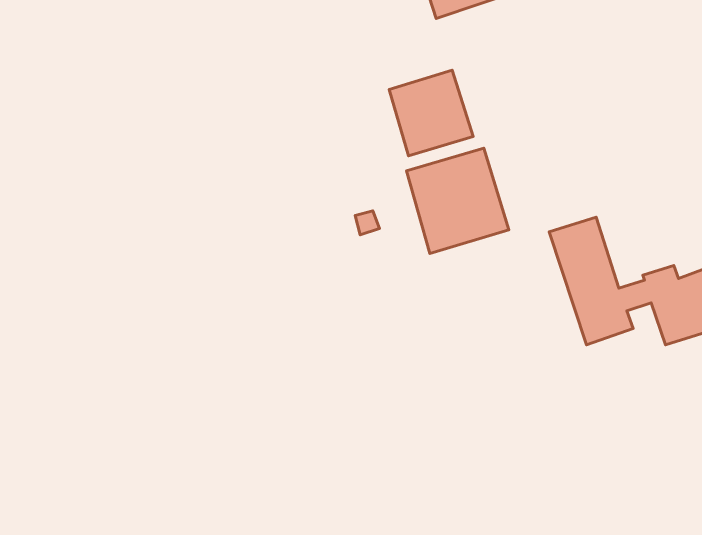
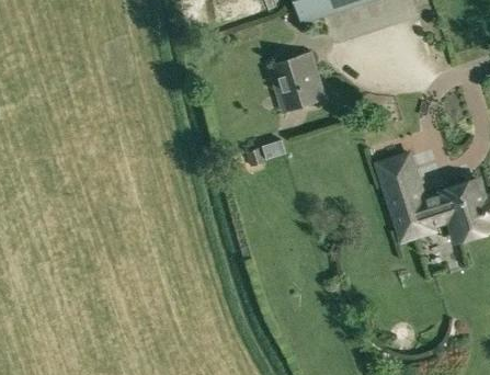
building: [406,148,509,254] -> none

